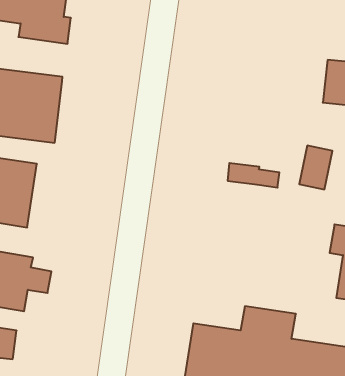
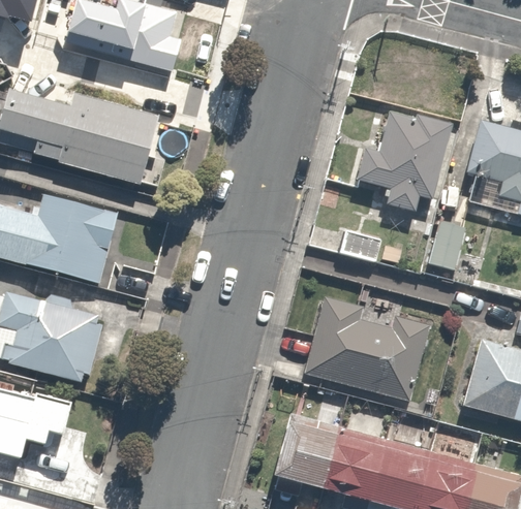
building: none -> [360,110,459,213]
building: none -> [300,299,426,403]

